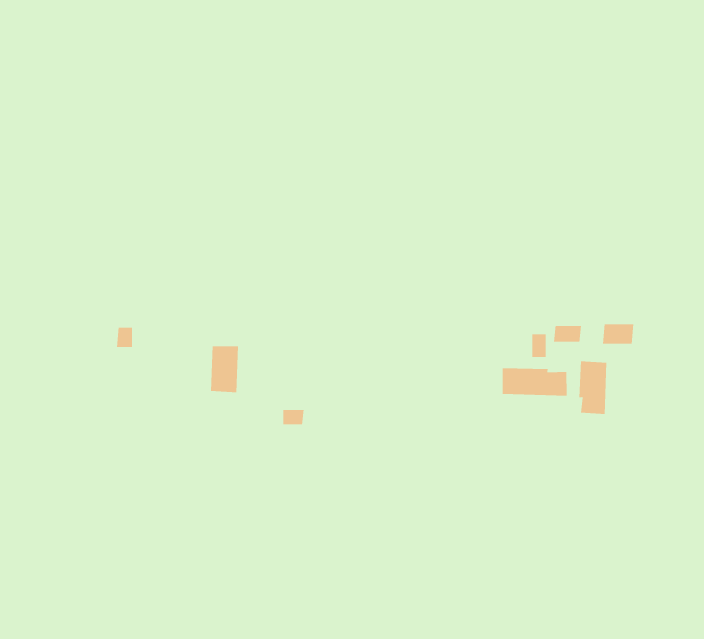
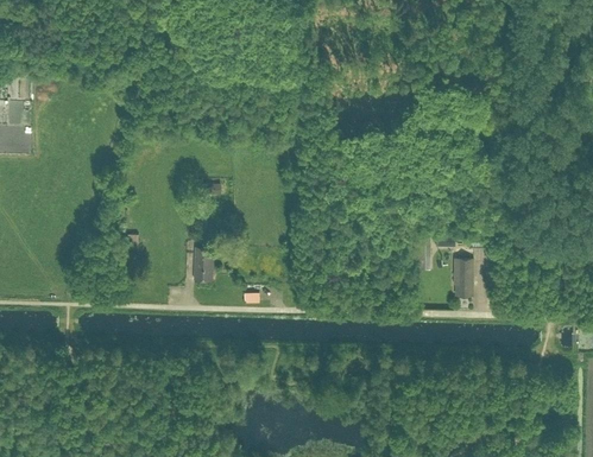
building: [502,367,567,396] -> none

